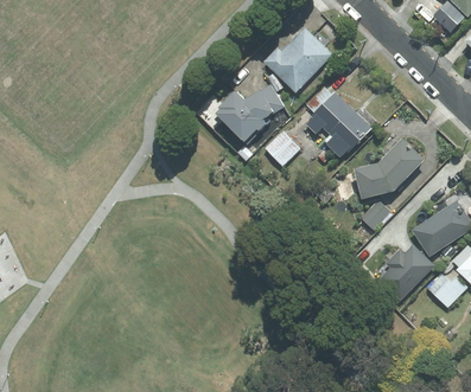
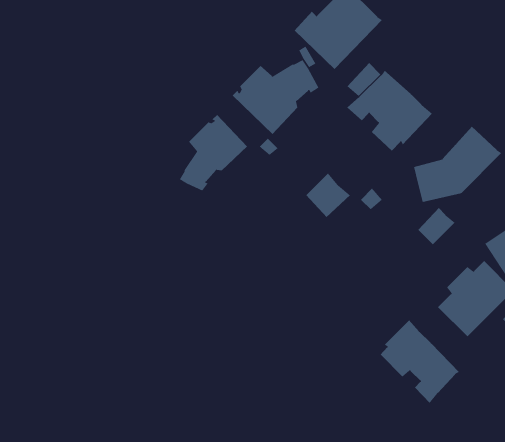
building: none -> [179,114,248,192]
building: [265,130,300,166] -> [305,173,351,218]
building: none -> [380,320,460,404]

